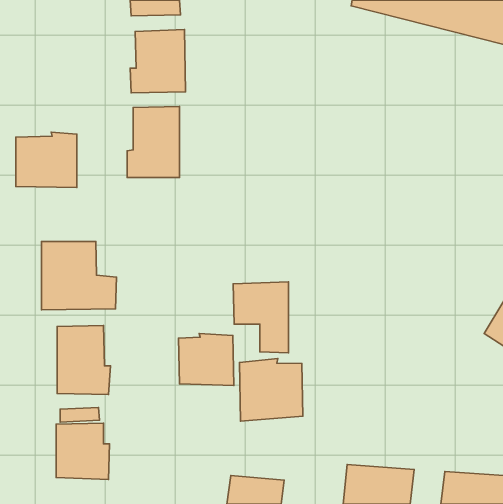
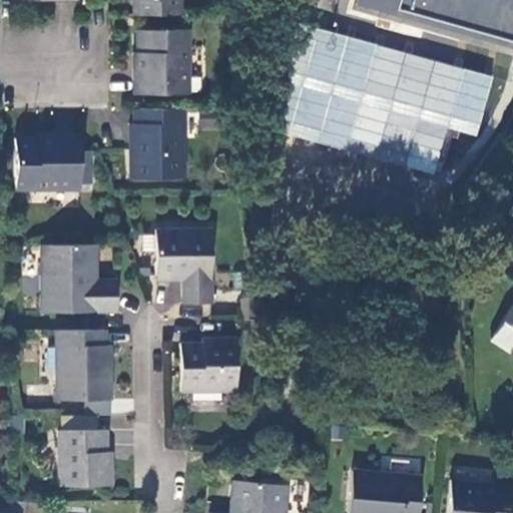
building: none -> [281,28,494,172]
building: [233,282,288,353] -> [157,231,213,304]
building: [239,359,303,421] -> none

